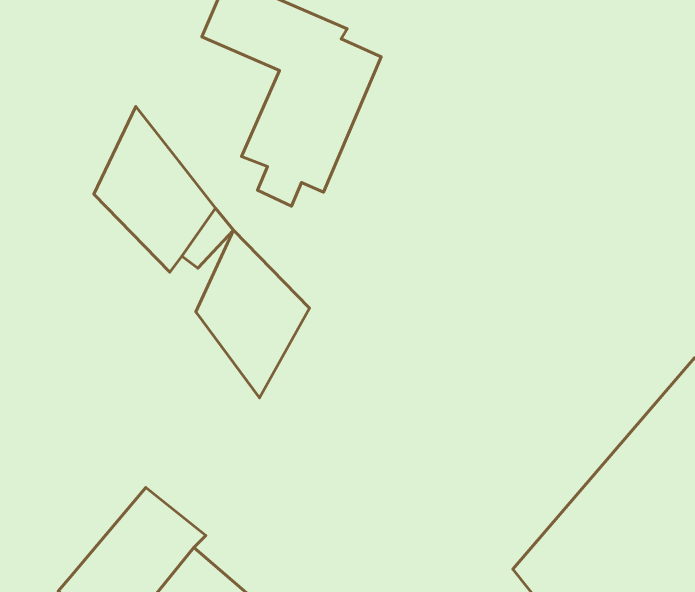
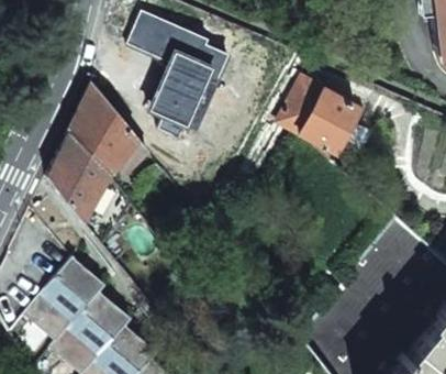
building: none -> [281,79,360,155]
building: [196,230,309,398] -> [52,133,114,226]
building: none -> [26,261,107,344]

